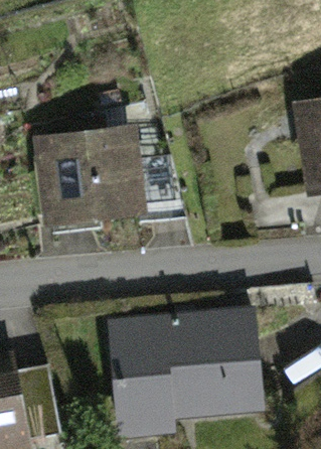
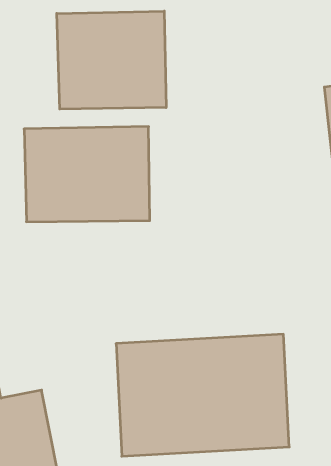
building: none -> [57,11,166,109]

